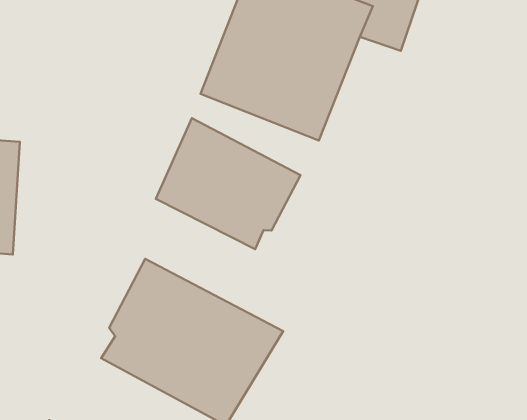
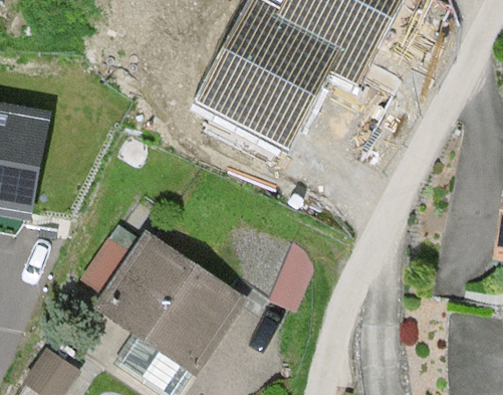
building: [156,118,301,249] -> none

